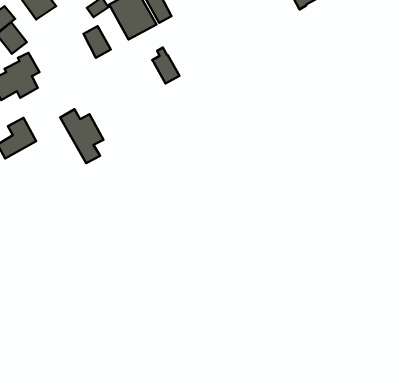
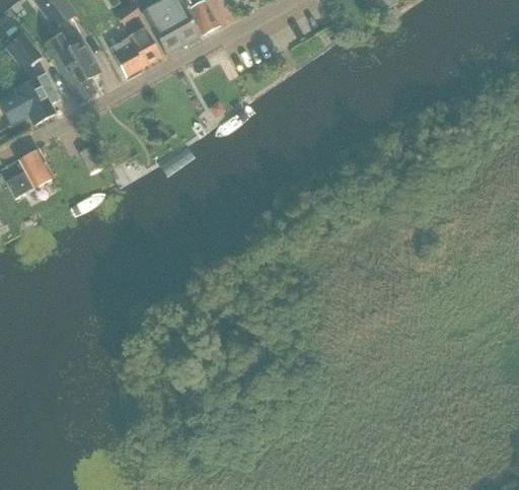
building: [152,48,180,83] -> [129,20,162,64]
building: [60,109,103,163] -> [48,32,100,98]

